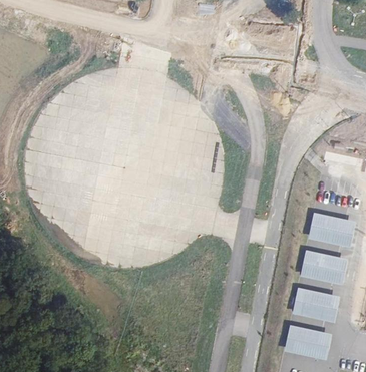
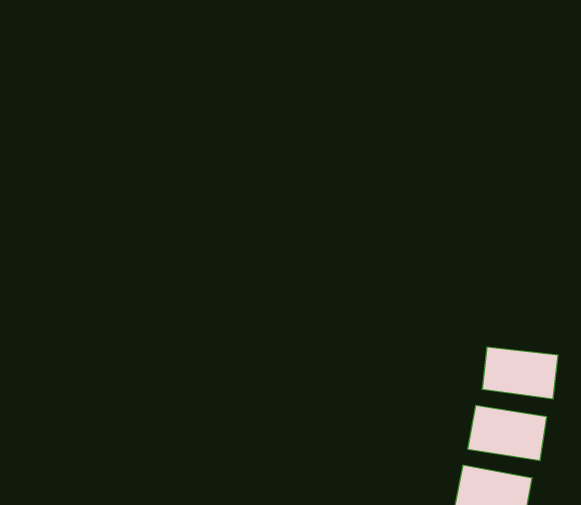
building: [307,211,356,247] -> none

